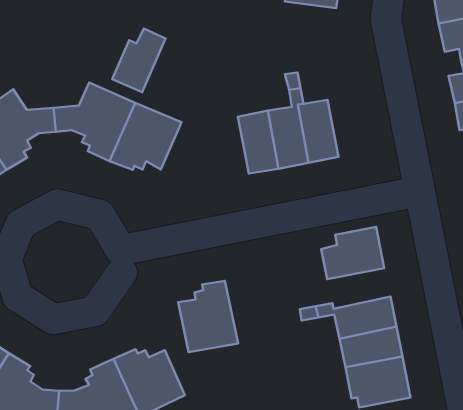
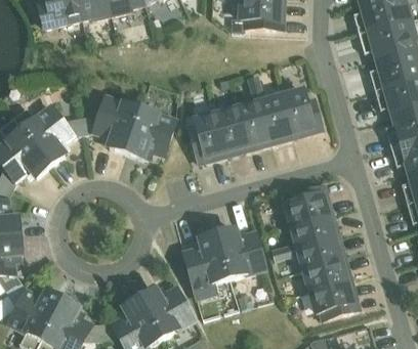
building: [112,29,166,92] -> none
building: none -> [282,89,323,136]
building: none -> [190,113,228,162]
building: none -> [292,215,339,248]
building: none -> [217,228,265,278]

